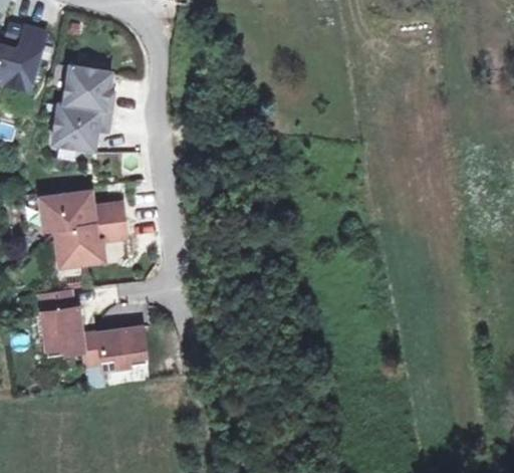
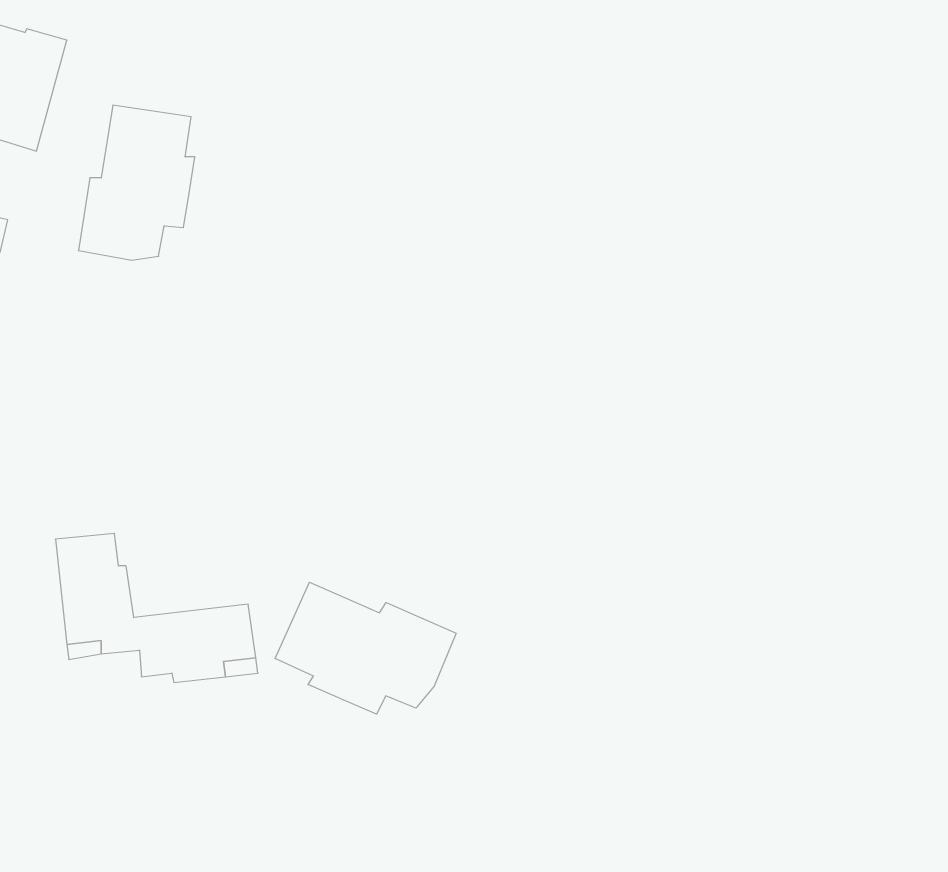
building: [39,191,125,266] -> none
building: none -> [275,582,456,714]

